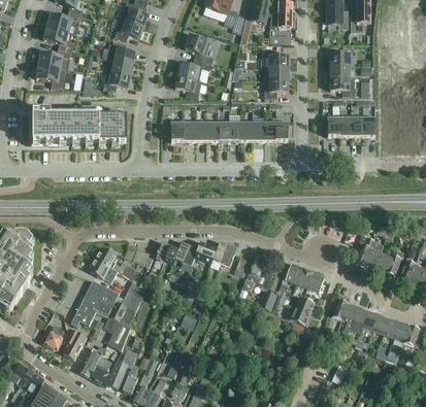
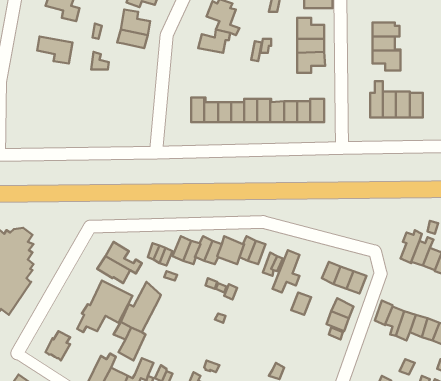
building: [38,48,70,70] -> none
building: [103,70,130,91] -> none
building: [175,75,201,98] -> none
building: [32,110,126,141] -> none
building: [62,327,87,359] -> none

